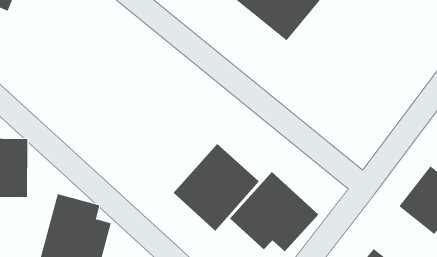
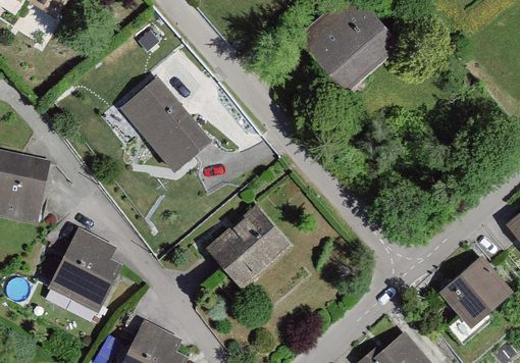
building: none -> [112,66,216,174]
building: [229,171,319,252] -> none

